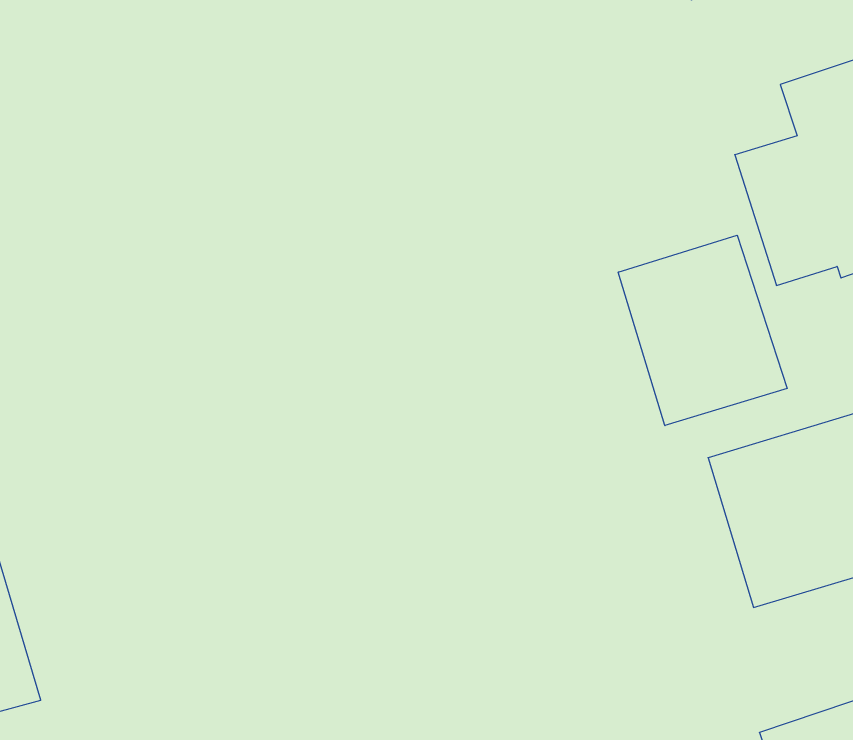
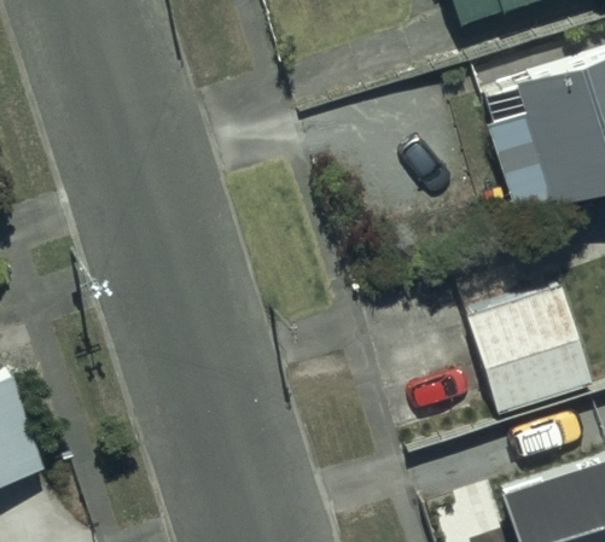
building: [618,235,787,426] -> none

